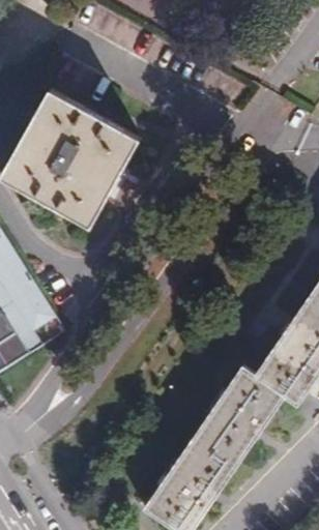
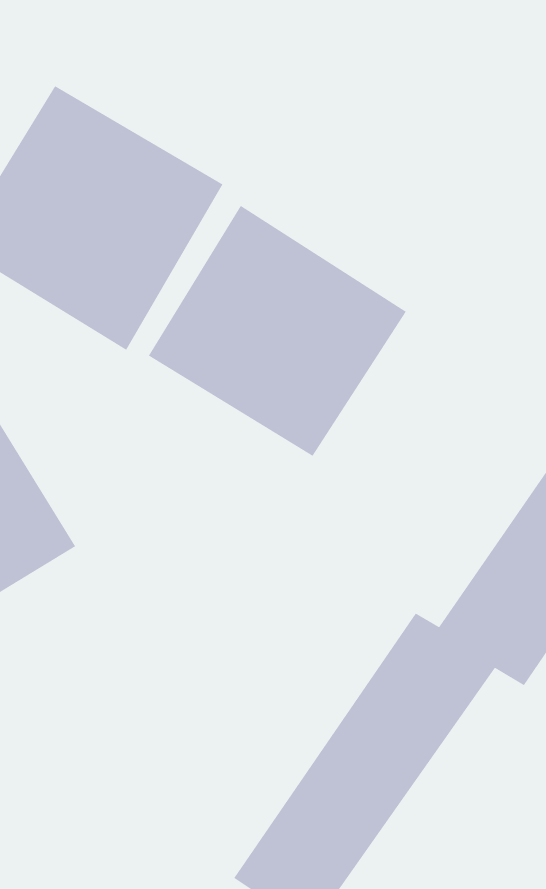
building: none -> [148,205,407,457]

